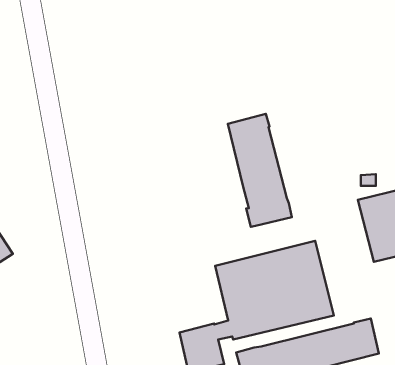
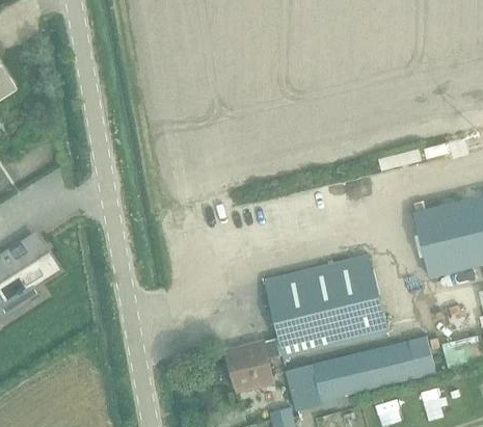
building: [228,114,292,227] -> none

